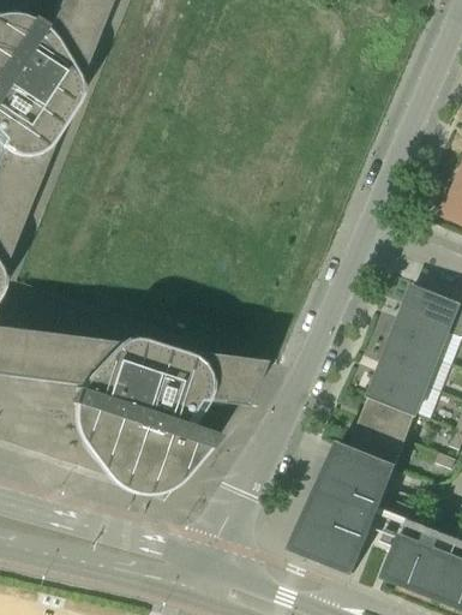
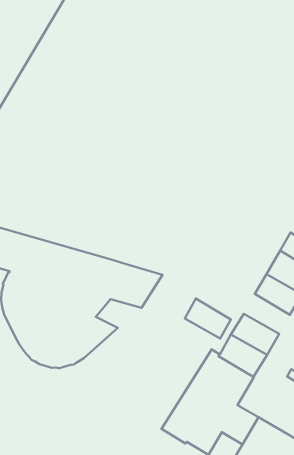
building: [370,368,426,412] -> [185,298,231,339]

